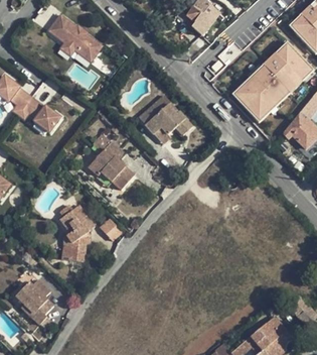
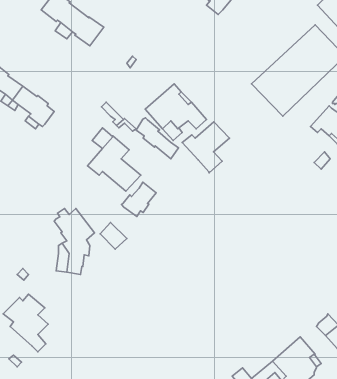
building: none -> [136,118,179,159]
building: none -> [182,122,229,173]
building: none -> [122,182,156,217]

